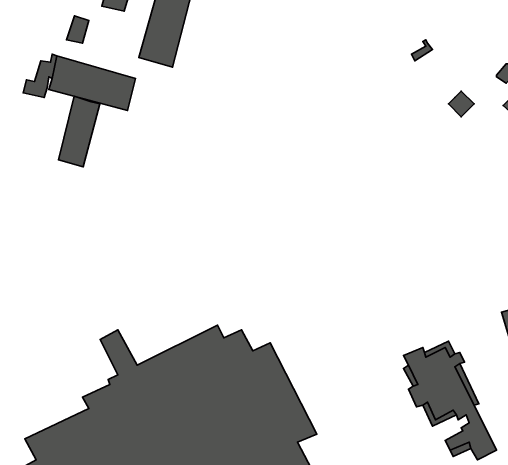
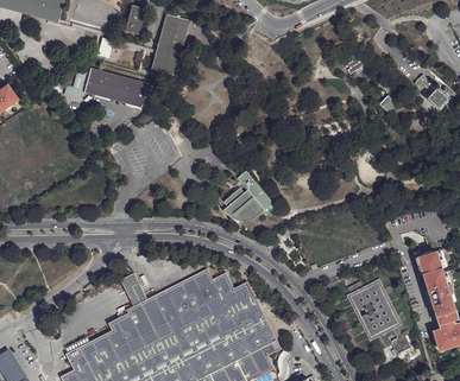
building: [58,96,100,167] -> none
building: none -> [223,171,276,221]

